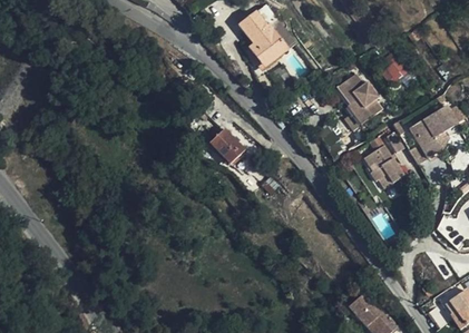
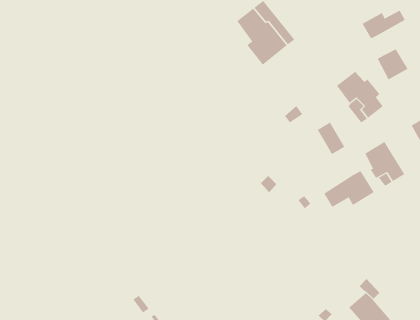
building: none -> [362,10,405,39]
building: [209,128,244,164] -> none
building: none -> [323,170,375,208]

